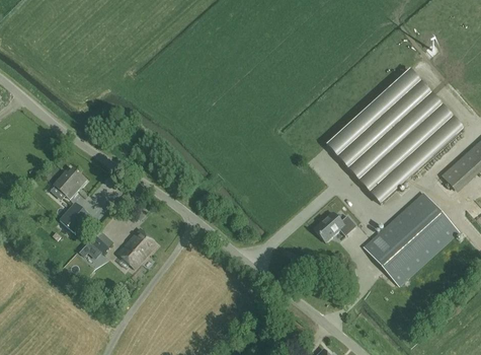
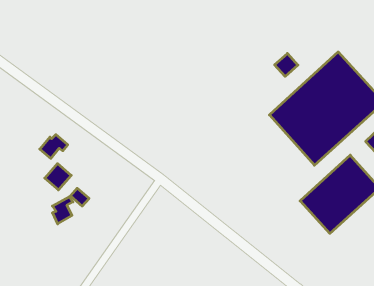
building: none -> [275,53,298,76]
building: [313,211,356,241] -> none
building: [117,228,158,268] -> none

